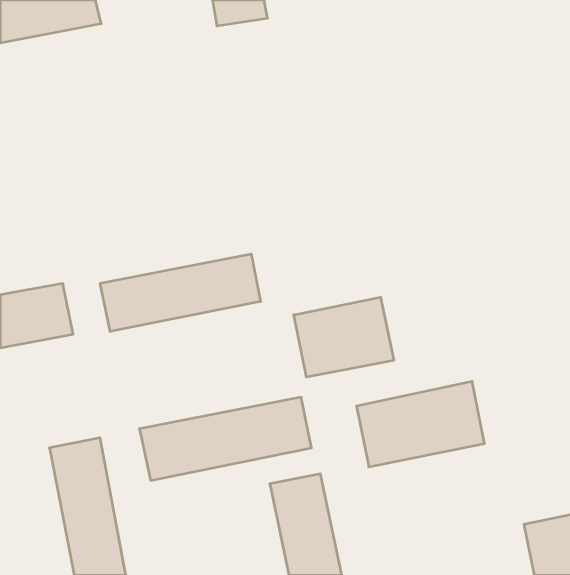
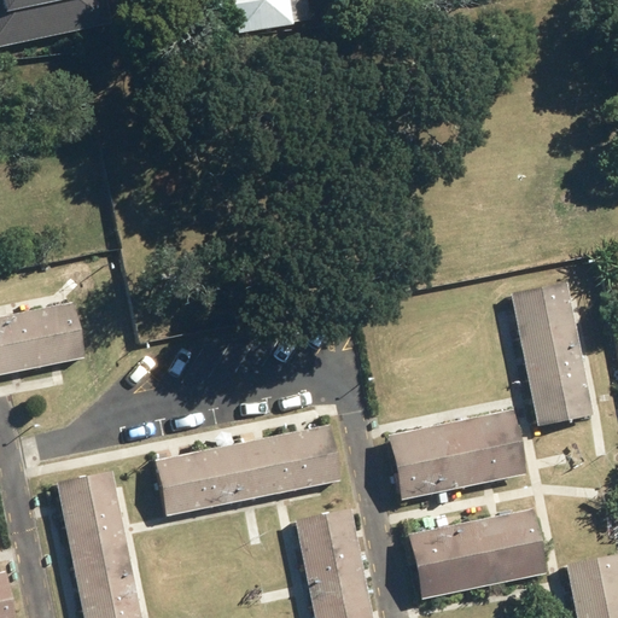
building: [100,254,261,332] -> none
building: none -> [511,282,593,427]
building: [294,297,394,377] -> none
building: none -> [408,507,546,599]

